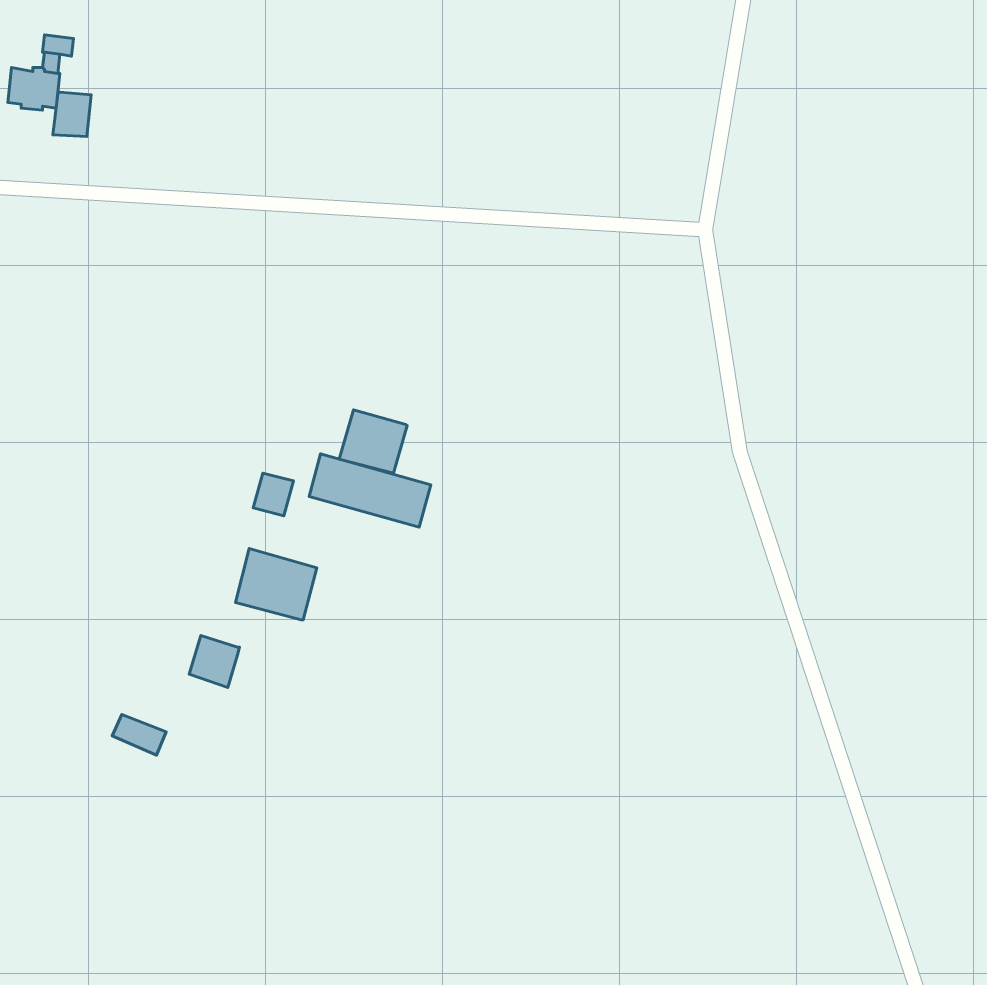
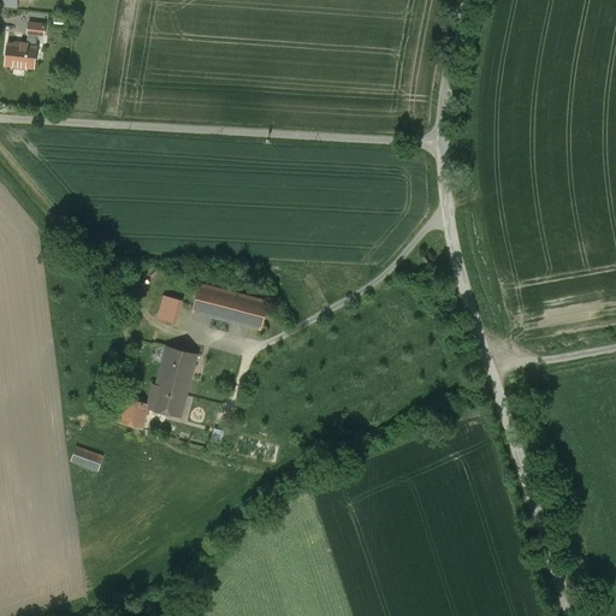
building: [53,91,91,136] -> none
building: [339,410,407,473] -> none
building: none -> [146,375,188,416]

